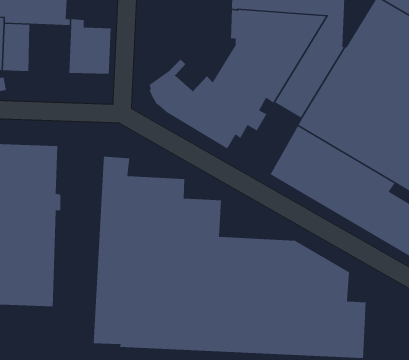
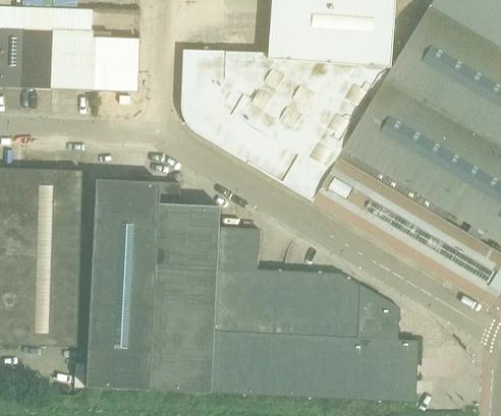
building: none -> [51,37,96,91]
building: none -> [182,49,275,109]
building: none -> [267,118,347,199]
building: none -> [87,179,131,384]

